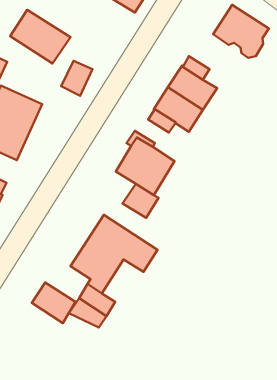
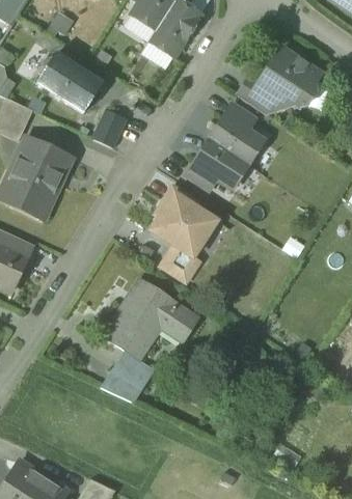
building: none -> [238,76,276,115]
building: [32,283,76,323] -> none

